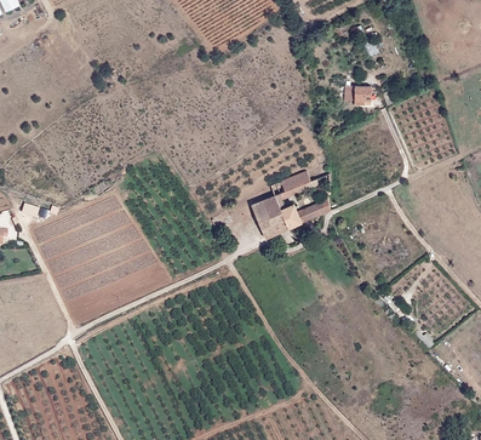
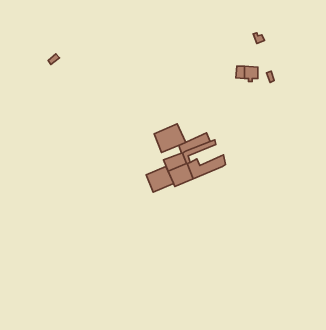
building: none -> [154,124,186,152]
building: none -> [146,167,173,192]

